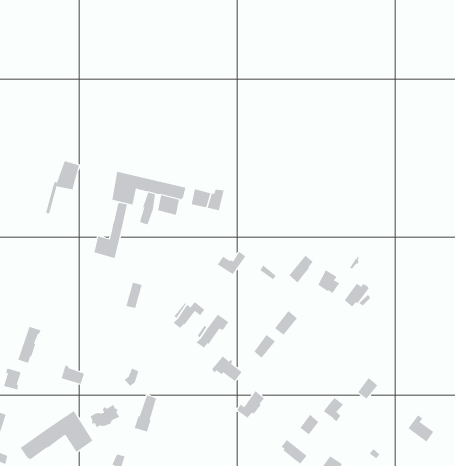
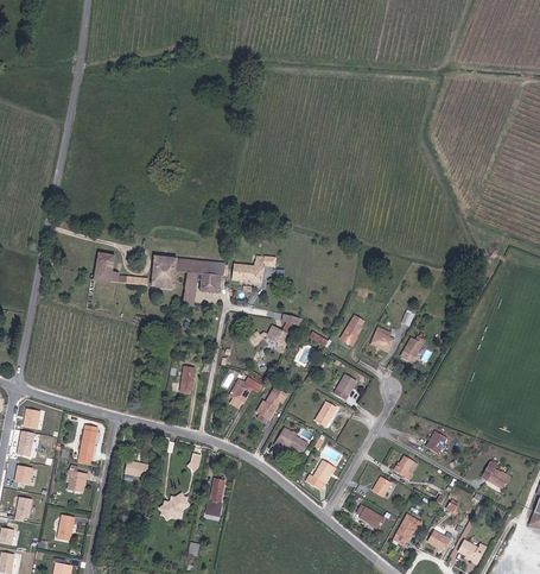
building: [94,202,128,259] -> none
building: [20,410,93,460] -> none

